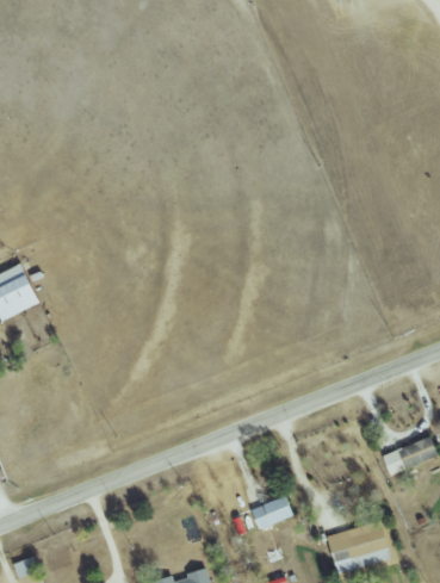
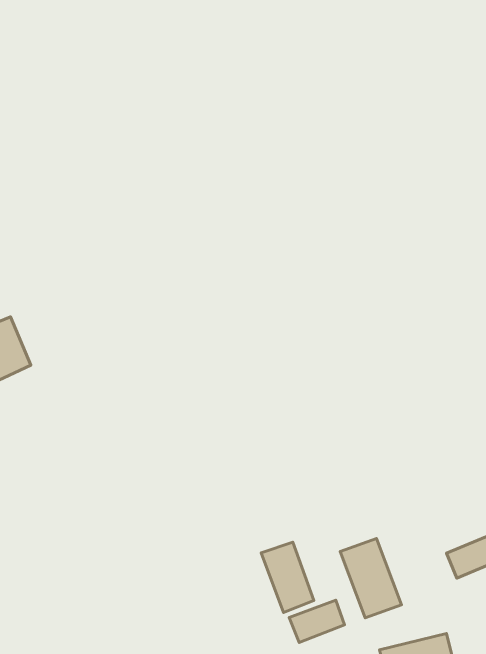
building: none -> [340,539,401,618]
building: none -> [261,542,314,612]

